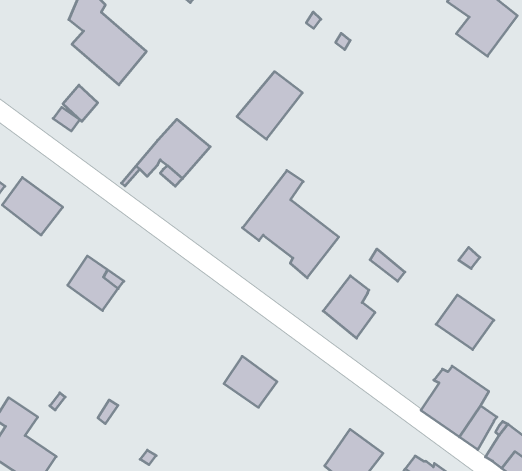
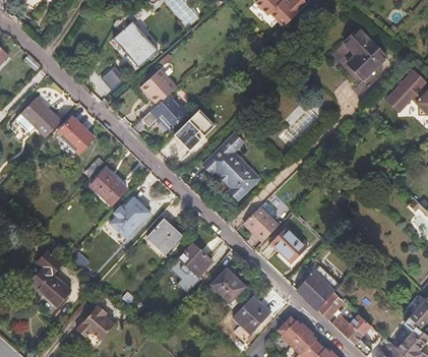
building: [237,72,302,139] -> [174,110,216,151]
building: none -> [141,69,177,105]
building: none -> [107,194,149,237]
building: [436,295,494,350] -> [271,228,307,262]
building: none -> [147,219,181,253]
building: none -> [212,269,245,302]

